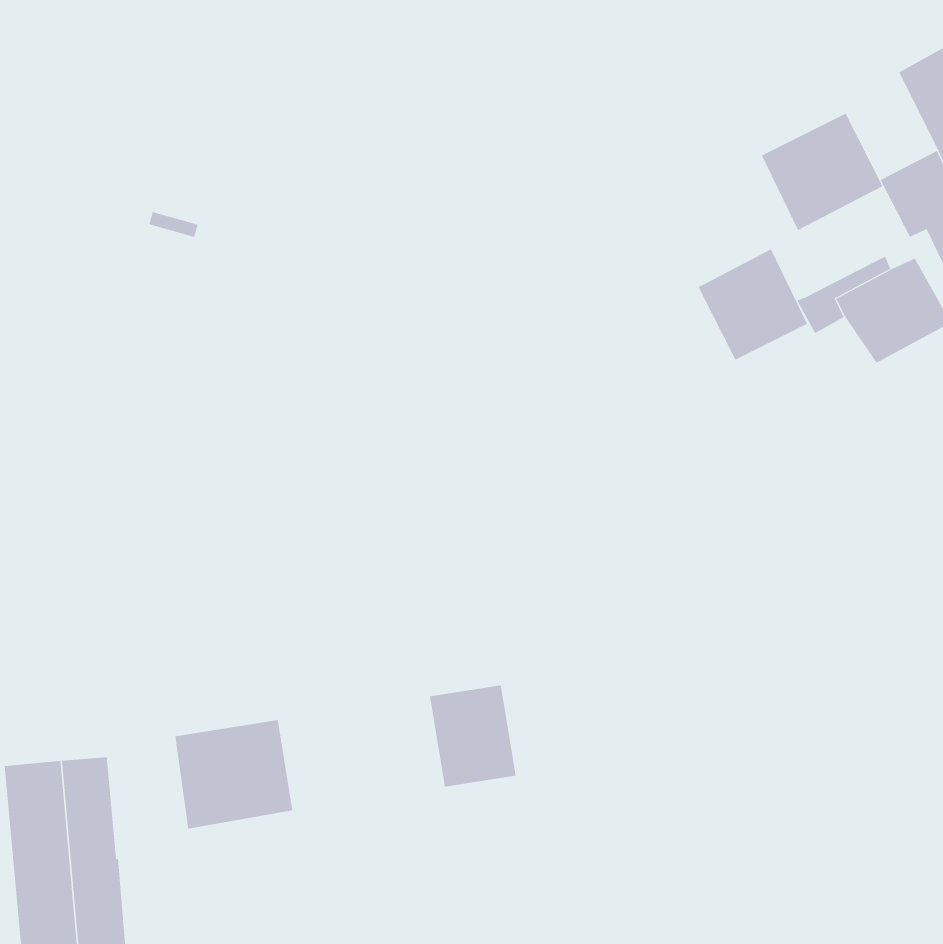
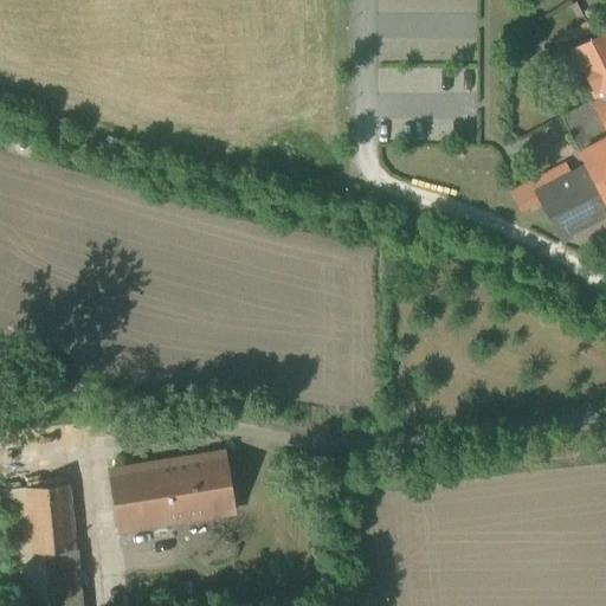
building: [761,113,883,231] -> none
building: [698,248,808,360] -> none
building: [429,685,516,787] -> [181,454,237,520]

